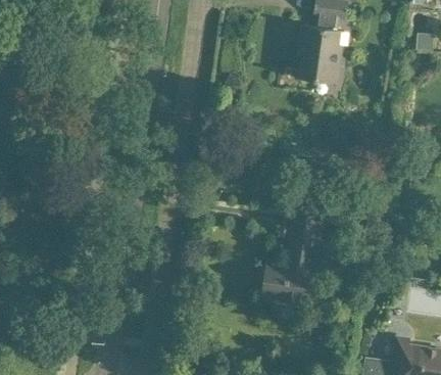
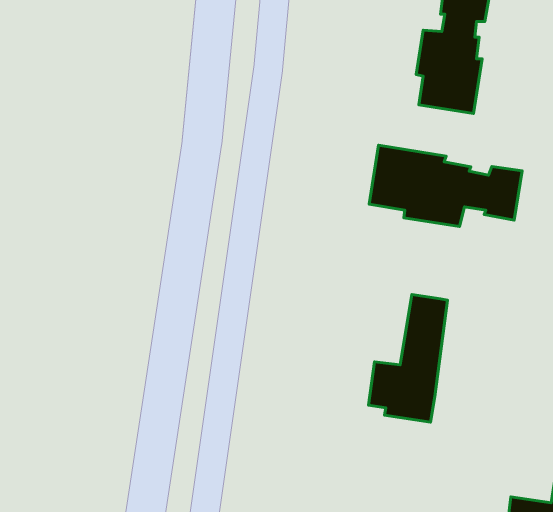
building: none -> [369,145,522,226]

